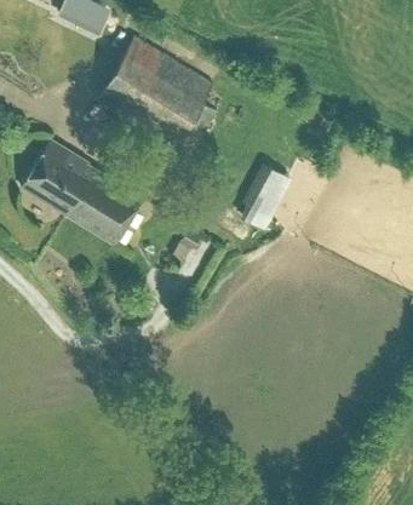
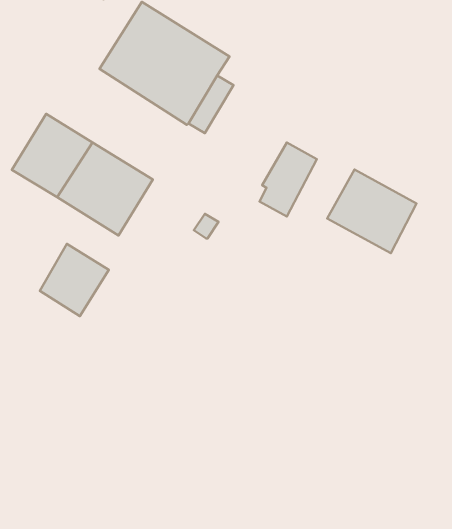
building: none -> [327,169,416,253]
building: none -> [40,244,109,316]

